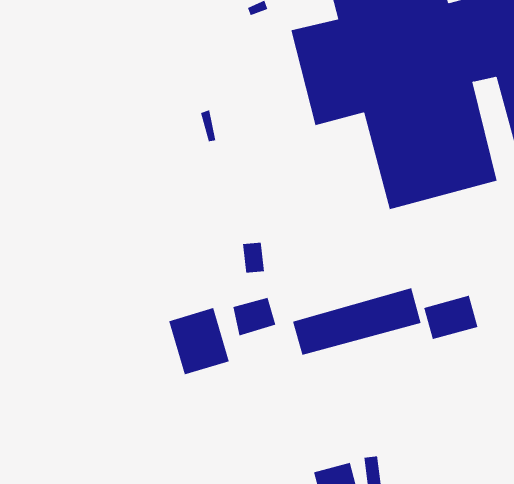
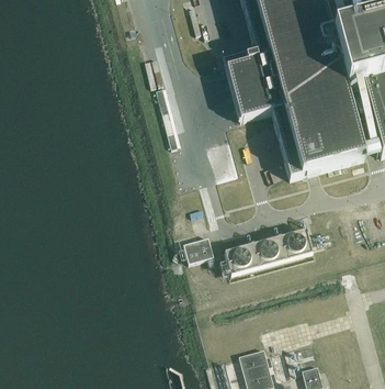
building: [423,295,478,340] -> none
building: [168,307,230,375] -> none

